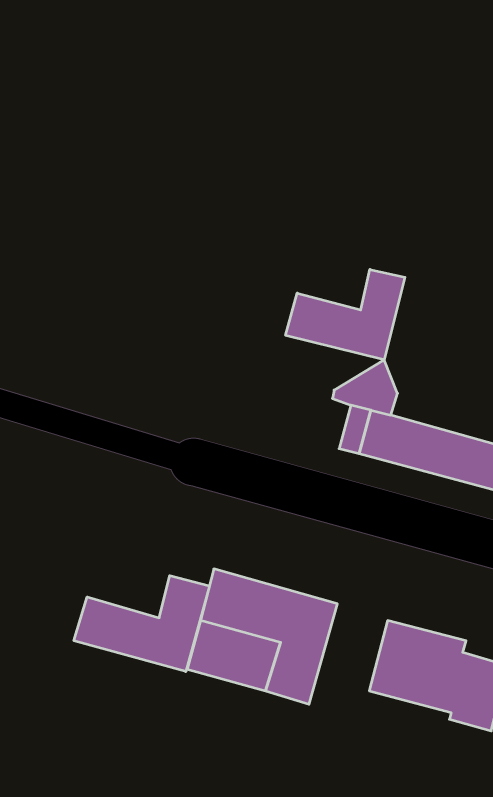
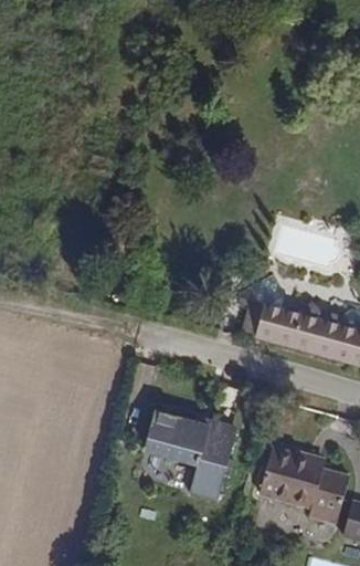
building: [286,269,405,360] -> none
building: [74,576,209,672] -> none

